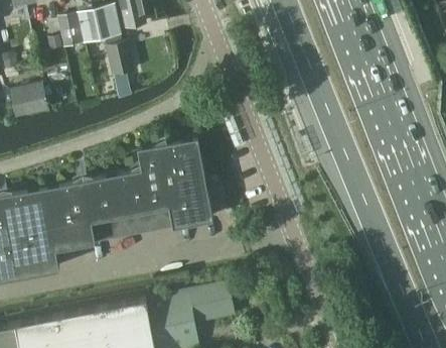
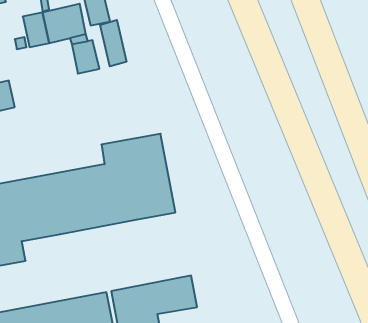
building: none -> [100,20,126,66]

